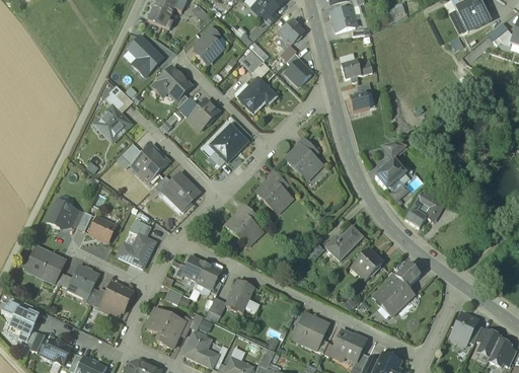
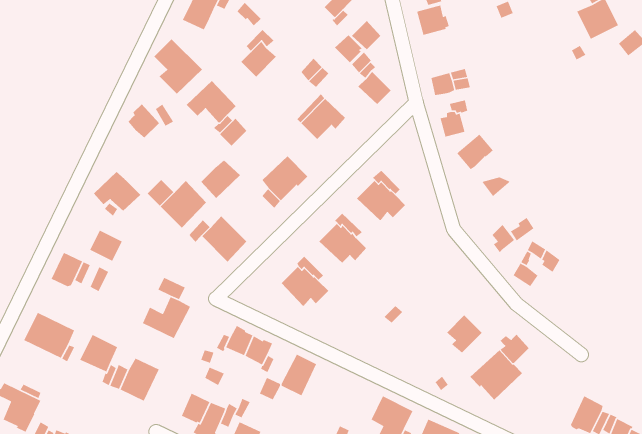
building: [187,100,218,131] -> [200,160,241,199]
building: [93,105,131,137] -> [93,171,141,212]
building: [375,160,404,189] -> [456,134,494,170]
building: [88,217,115,242] -> [89,229,123,262]
building: [325,227,362,259] -> none

